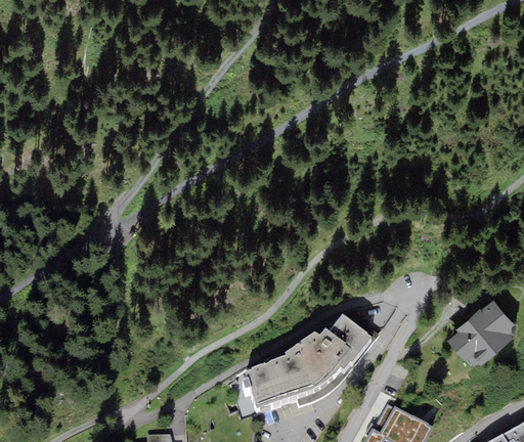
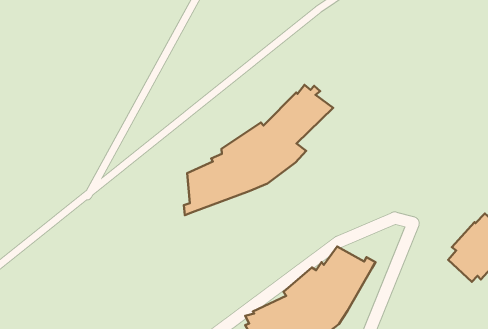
building: none -> [184,85,333,215]

